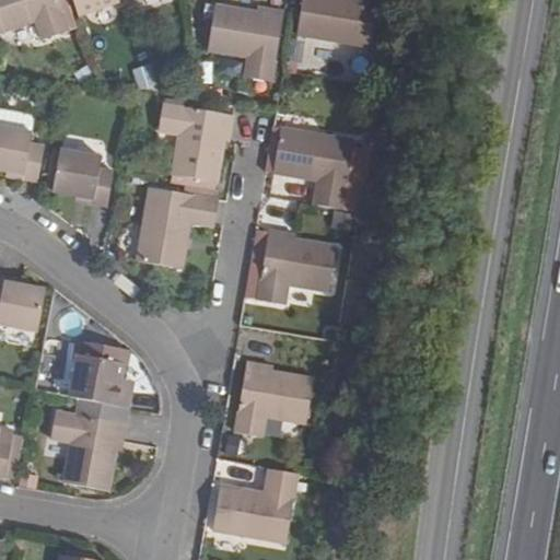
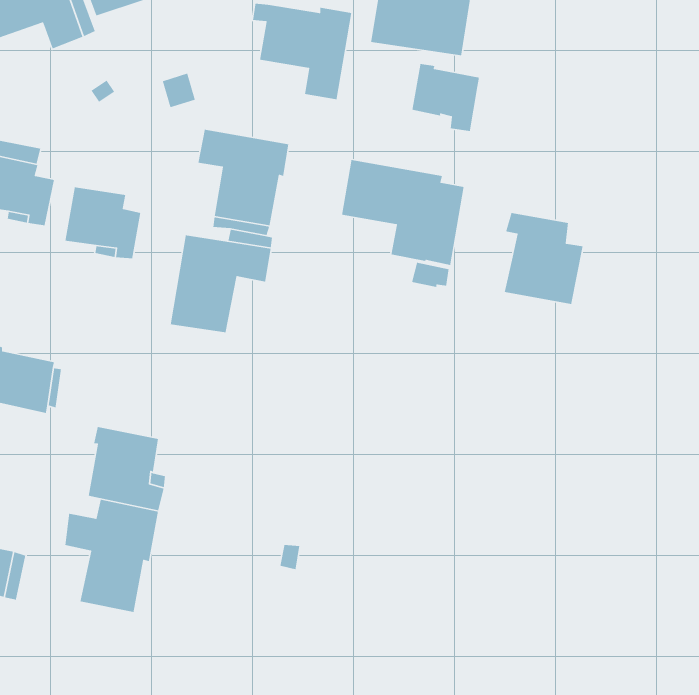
building: none -> [411,63,480,132]
building: none -> [504,212,584,305]
building: [257,229,335,303] -> none
building: [234,363,313,435] -> none
building: [213,467,298,542] -> none

